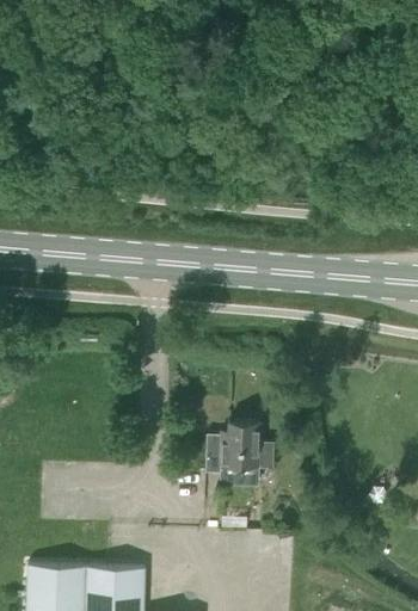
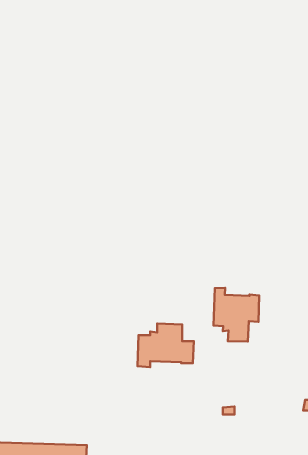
building: none -> [213,288,259,342]

